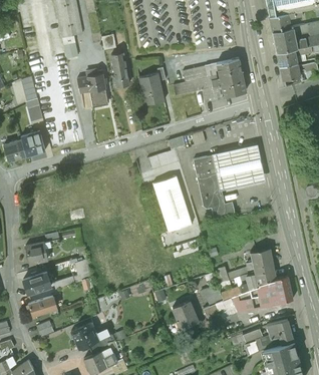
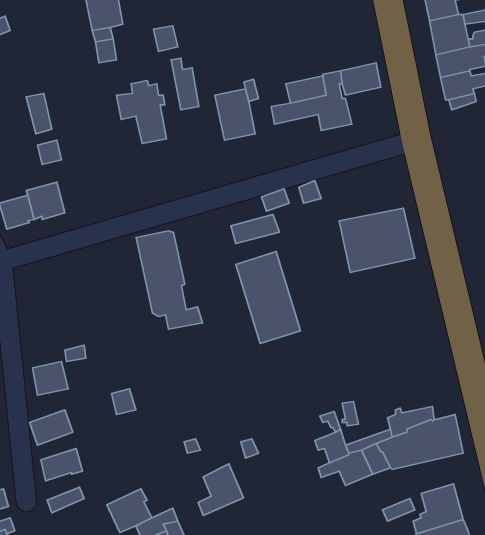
building: [220,72,246,95] -> none
building: [193,154,234,216] -> [136,231,202,329]
building: [249,249,274,275] -> none
building: [170,301,198,333] -> [198,464,243,516]

